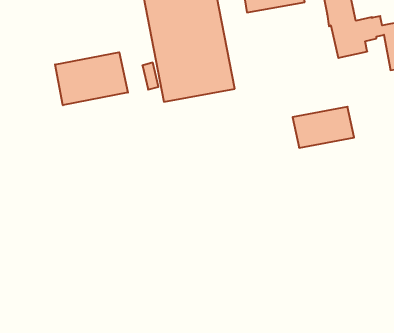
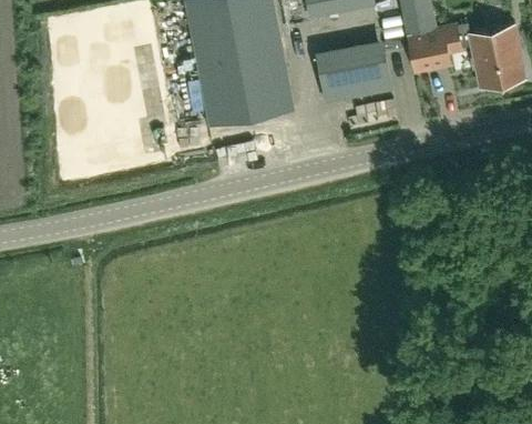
building: [55,52,128,105] -> none
building: [293,107,354,148] -> [319,53,392,102]

